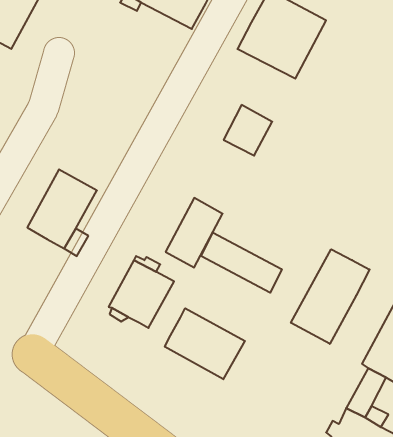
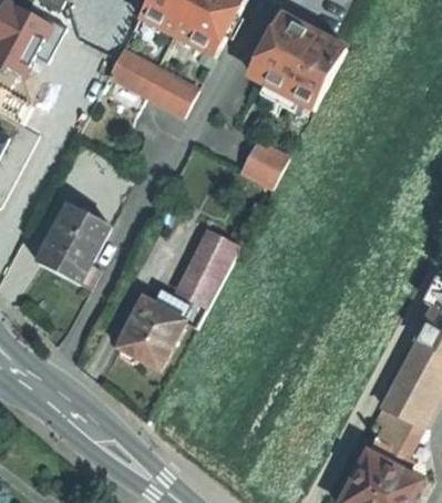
building: none -> [106,45,198,114]
building: [201,232,282,293] -> none
building: [291,249,370,344] -> none
building: [165,308,245,379] -> none

